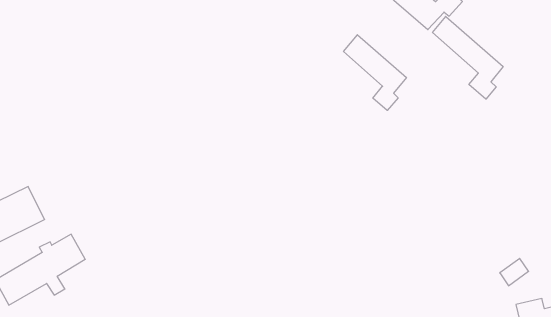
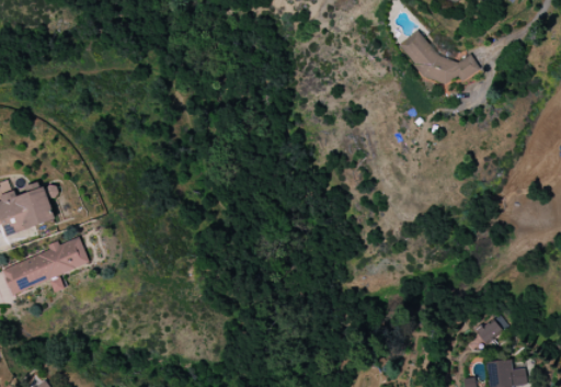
building: [433,16,503,99] -> none
building: [344,35,406,110] -> none

